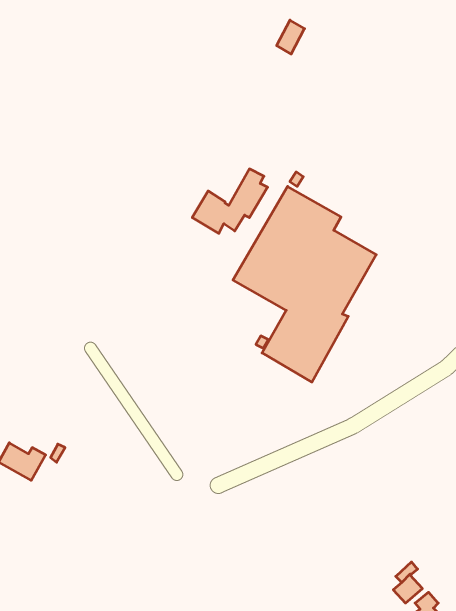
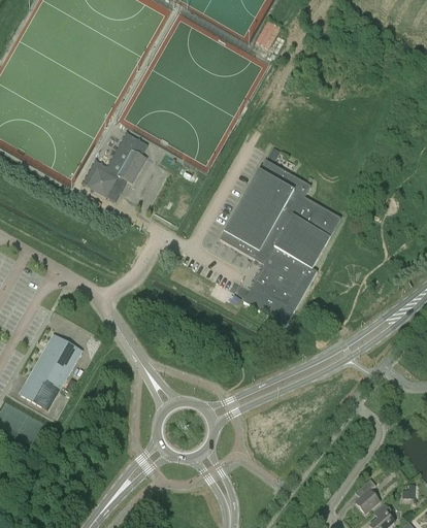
building: [192,169,268,233] -> [83,141,146,196]
building: none -> [29,333,81,387]

